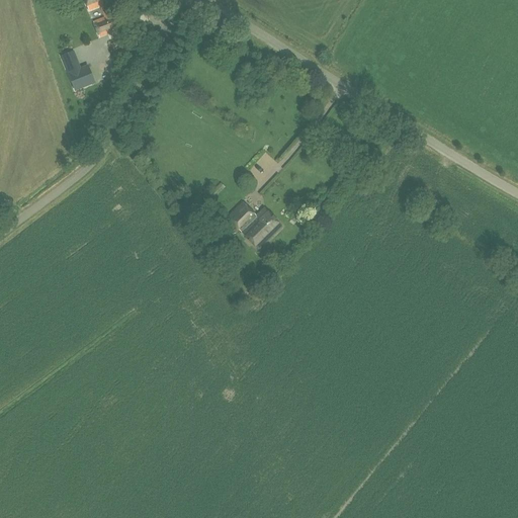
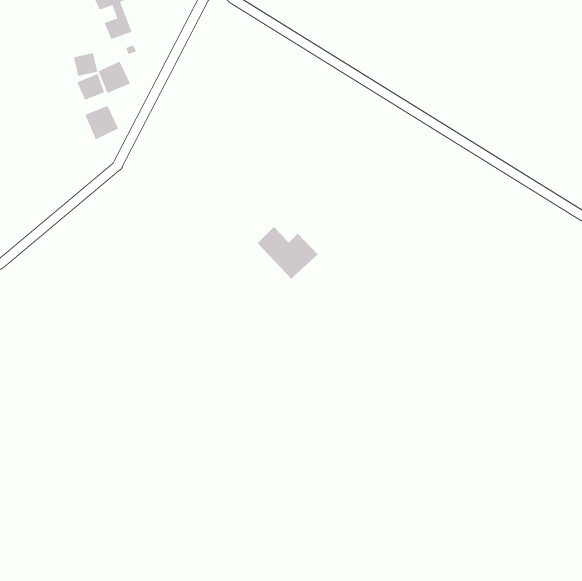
building: none -> [98,61,131,94]
building: none -> [85,105,119,140]

